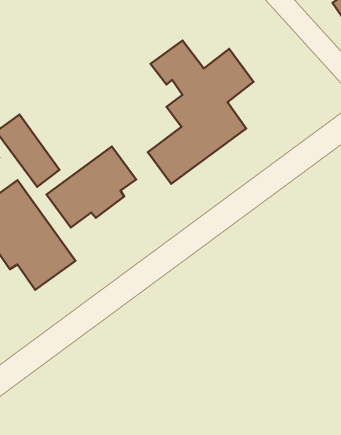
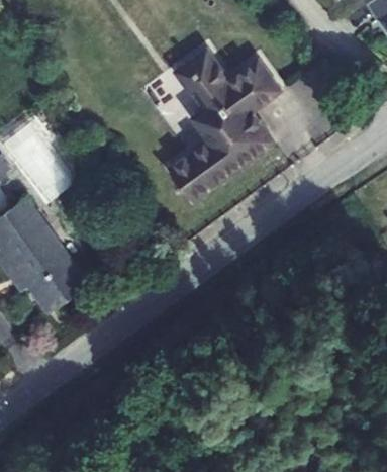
building: [47,147,136,228] -> none

